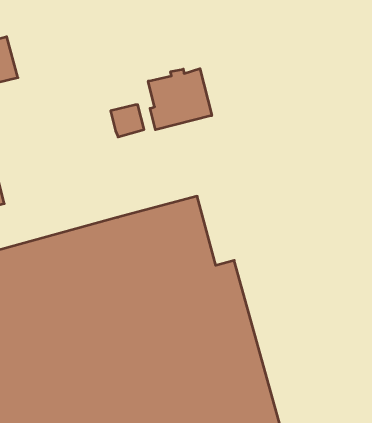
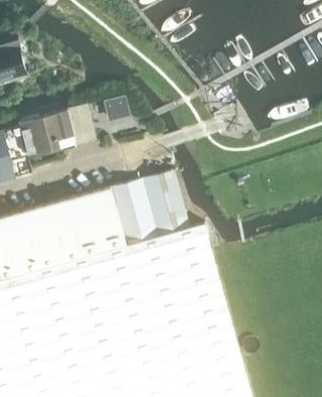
building: [148,69,212,130] -> none
building: none -> [19,111,77,155]

